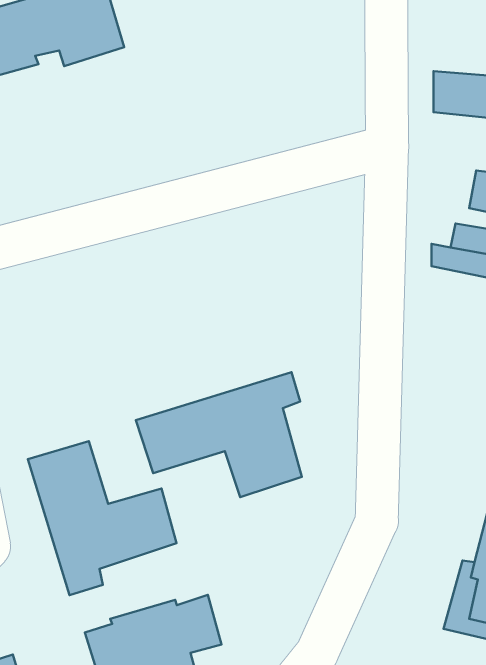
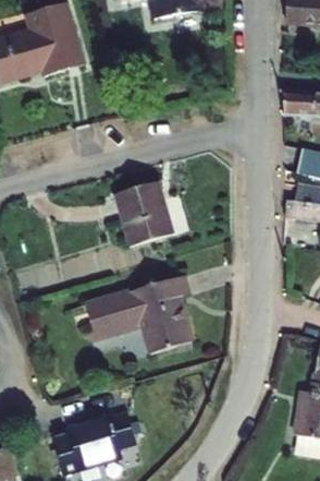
building: none -> [121,177,179,241]
building: [28,441,177,595] -> none

